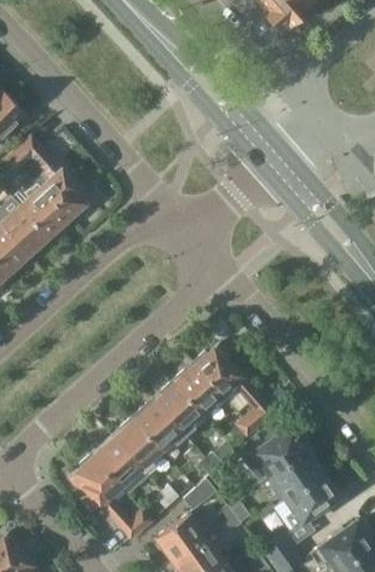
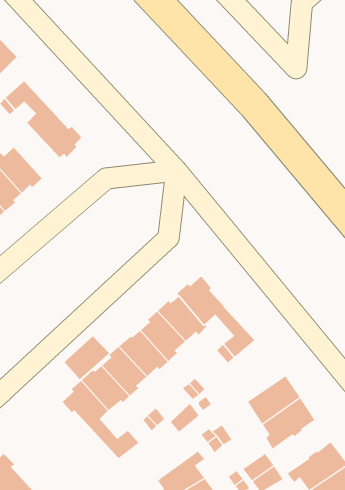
building: [19,180,68,239] -> none
building: none -> [64,335,110,380]
building: [250,422,311,476] -> none
building: [155,513,215,560] -> none

